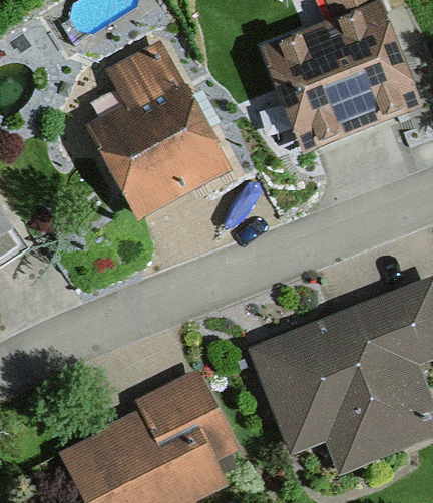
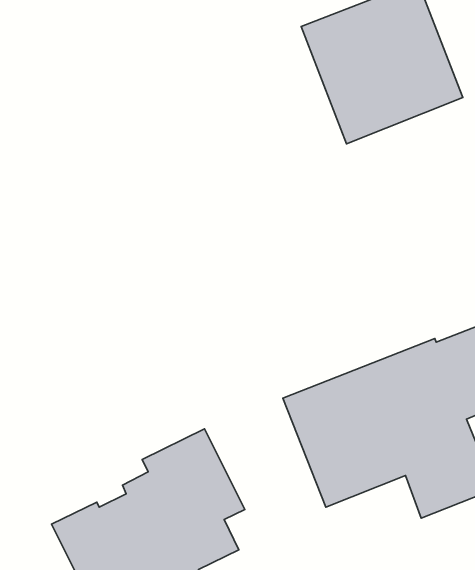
building: [92,45,224,209] -> none

